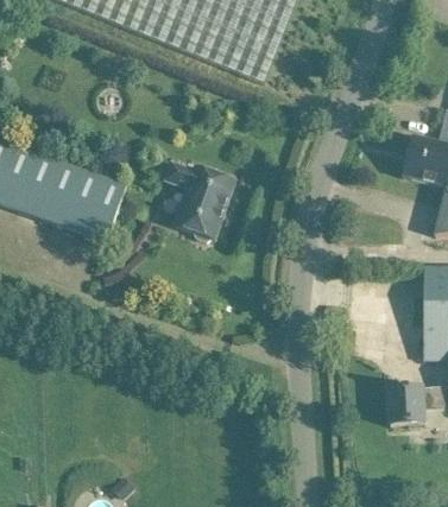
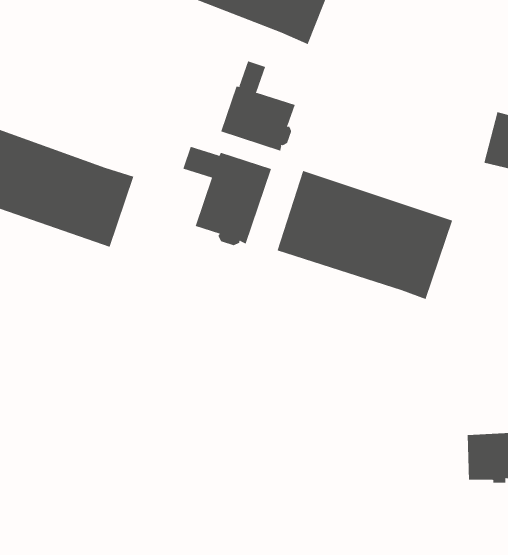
building: none -> [220,61,295,151]
building: none -> [277,170,453,300]

